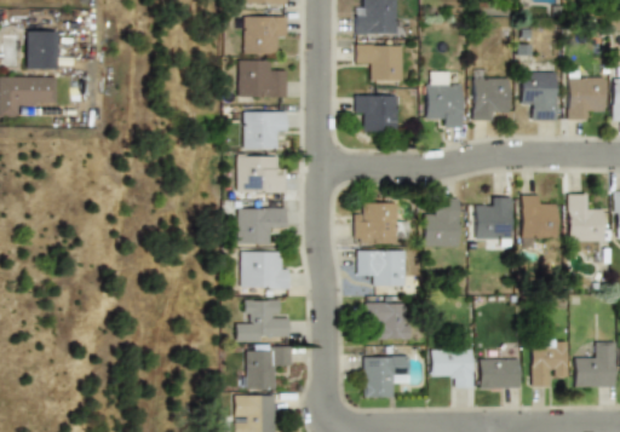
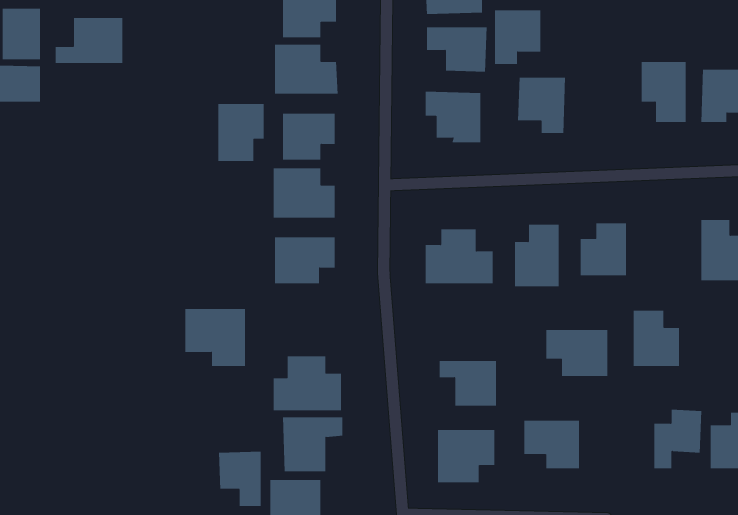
building: none -> [55,17,123,64]
building: [473,79,510,121] -> [494,10,541,65]
building: none -> [218,103,264,162]
building: [521,195,557,238] -> [633,310,680,367]
building: [357,250,406,287] -> [546,329,608,376]
building: [241,252,288,296] -> [185,309,246,367]
building: [481,359,521,390] -> none
building: none -> [219,451,261,507]

